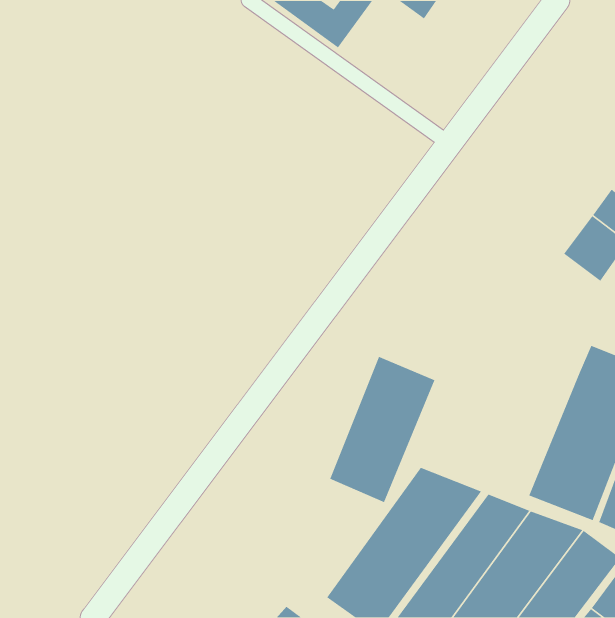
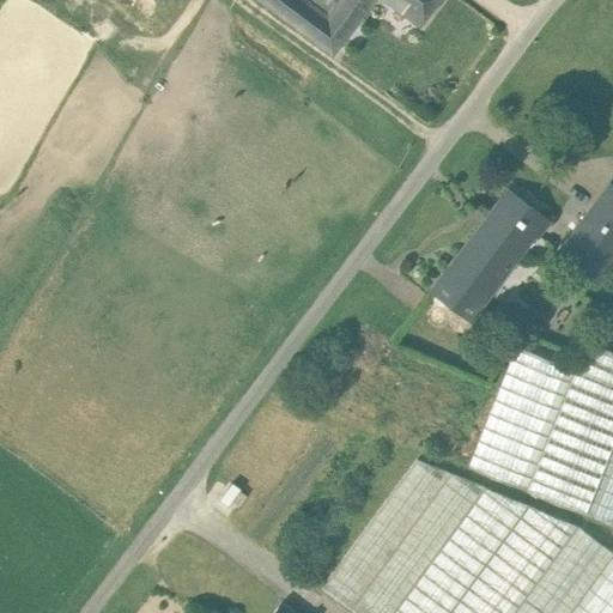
building: none -> [435,194,546,320]
building: [329,356,435,503] -> [471,345,576,491]

